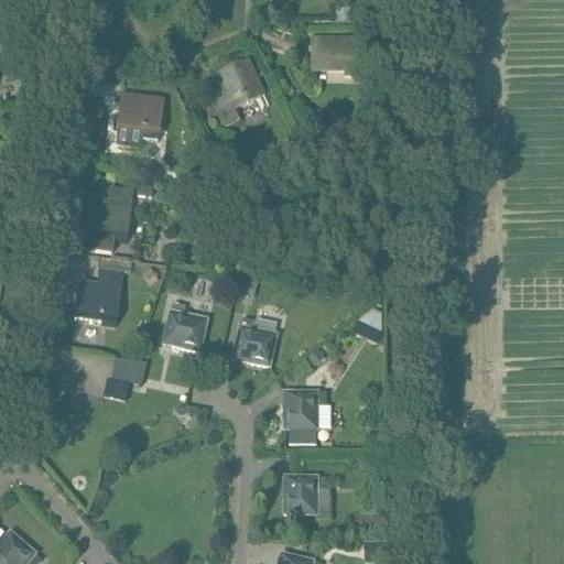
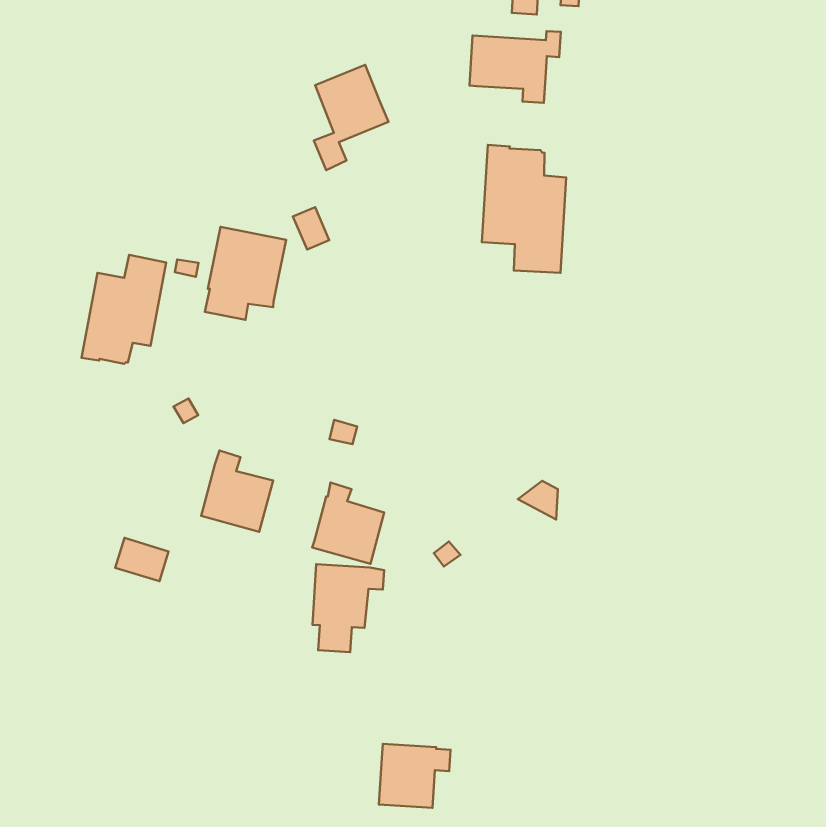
building: [117,91,164,148] -> [205,227,286,320]
building: none -> [482,145,566,273]
building: [76,267,123,323] -> none
building: [285,390,327,443] -> [313,564,384,652]

